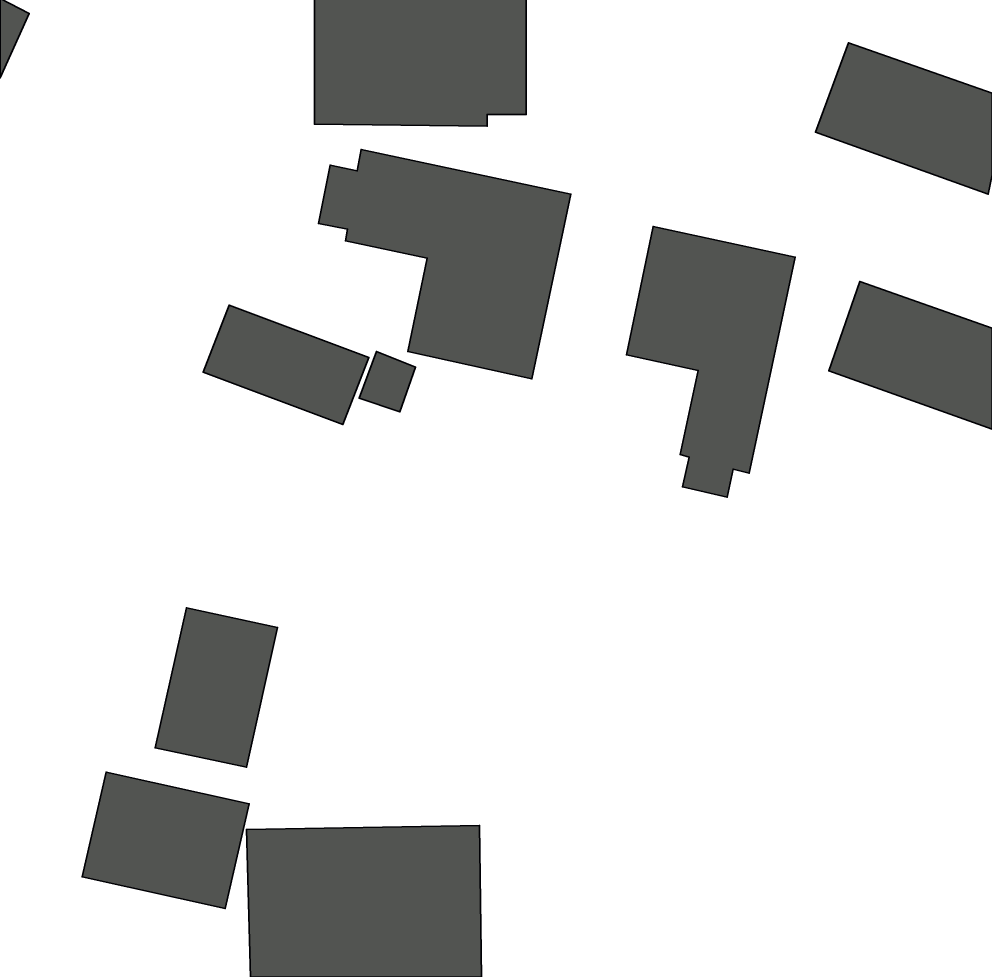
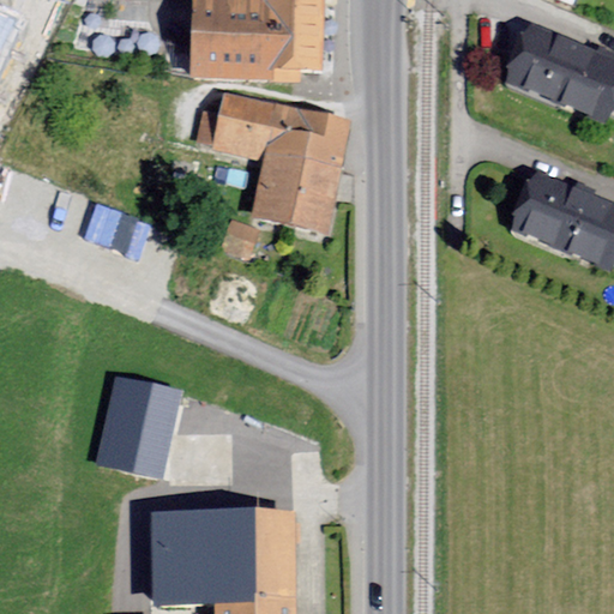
building: [626,227,795,497] -> none
building: [203,305,369,424] -> none
building: [82,772,249,909] -> none

